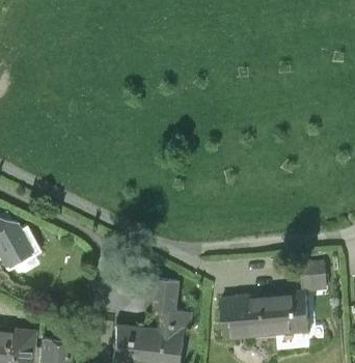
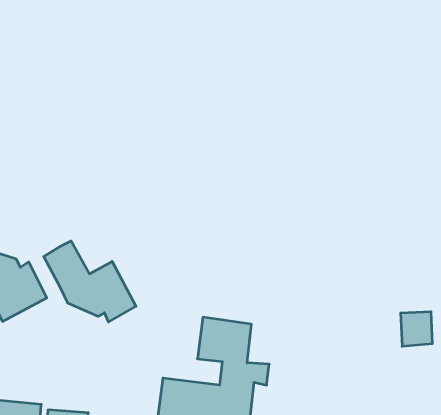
building: none -> [44,241,136,322]
building: [225,294,309,337] -> none

